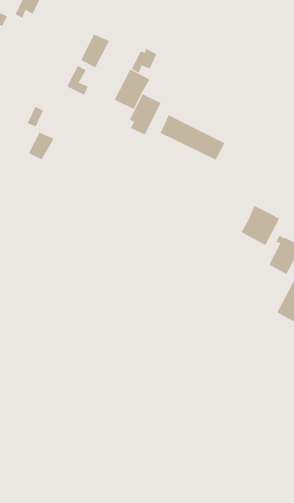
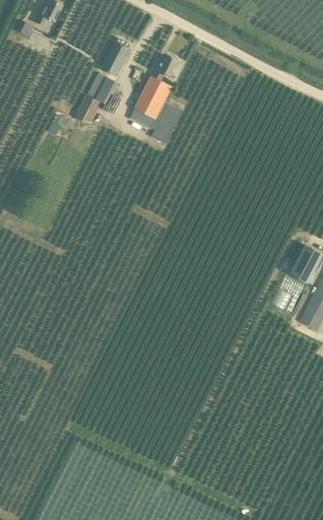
building: [160,114,225,161] -> none
building: [28,132,54,160] -> [75,95,102,124]
building: [241,205,280,246] -> none

